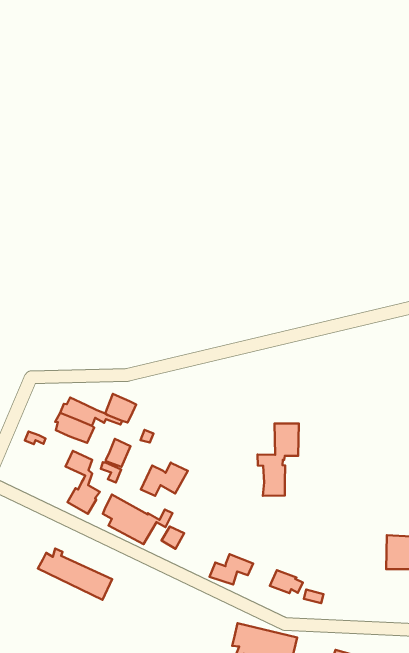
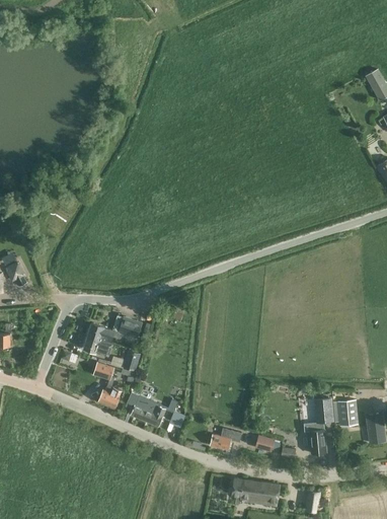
building: [258,423,299,496] -> [303,396,333,453]
building: [141,462,188,496] -> none
building: [38,549,112,600] -> none

